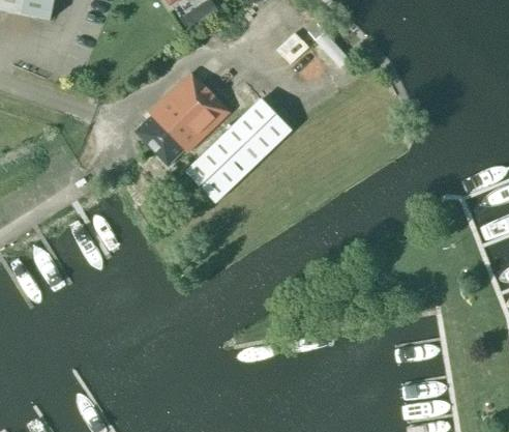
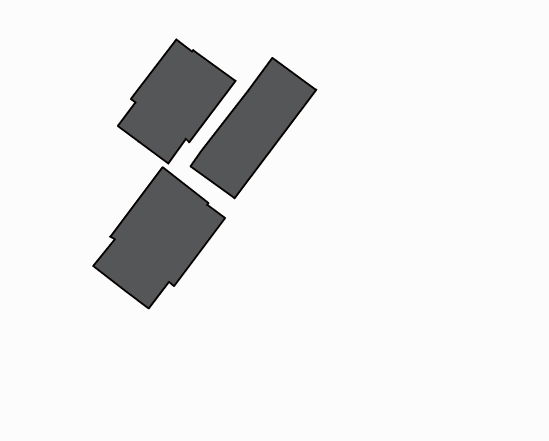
building: none -> [93,167,225,308]

